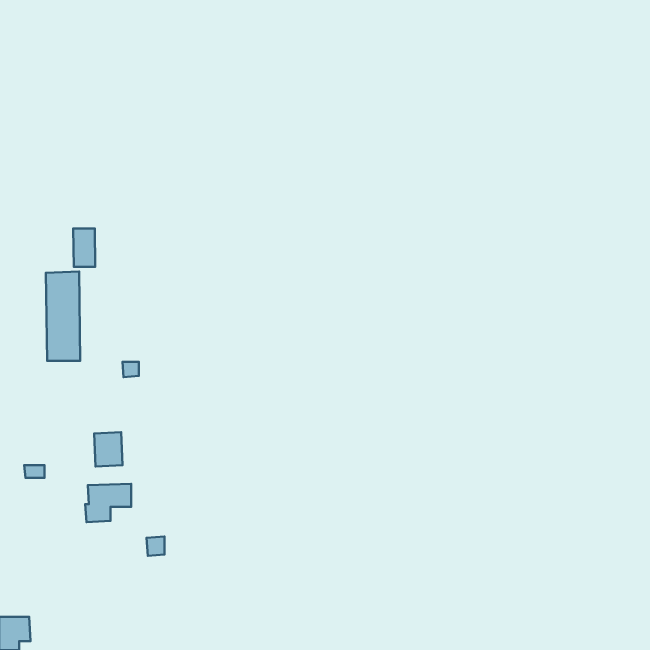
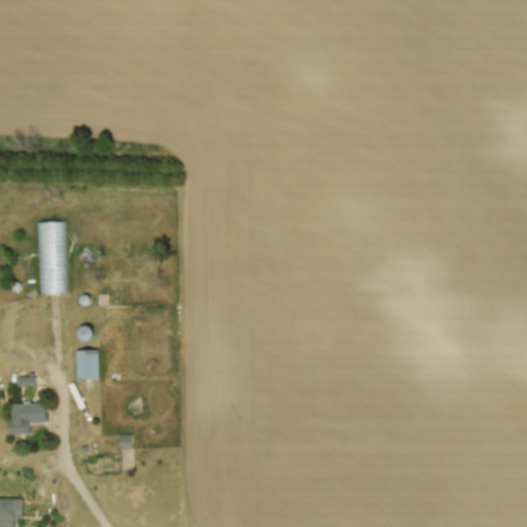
building: [73,228,95,267] -> none
building: [85,484,131,522] -> [9,403,46,434]

